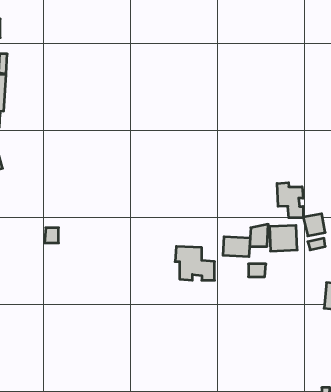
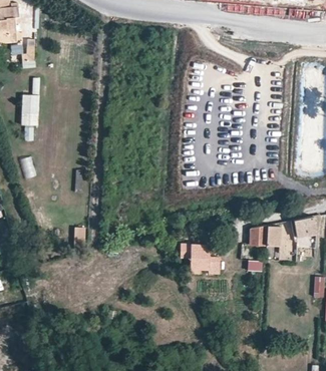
building: [277,183,303,218] -> none
building: [223,237,250,257] -> none

